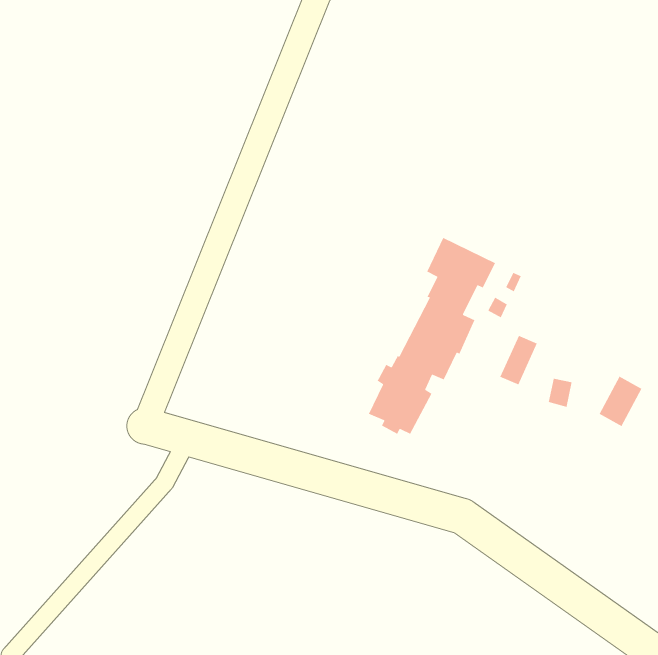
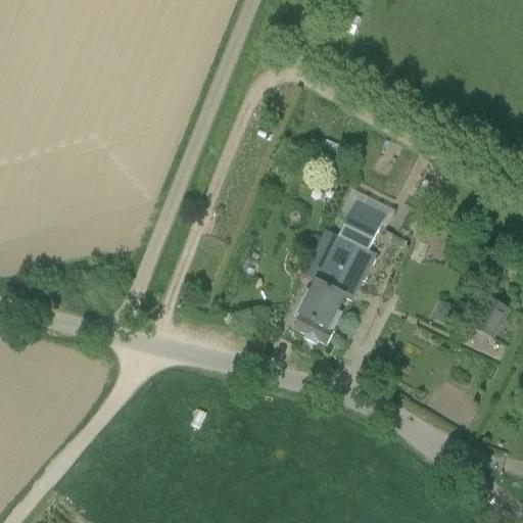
building: [499,335,538,385] -> none

